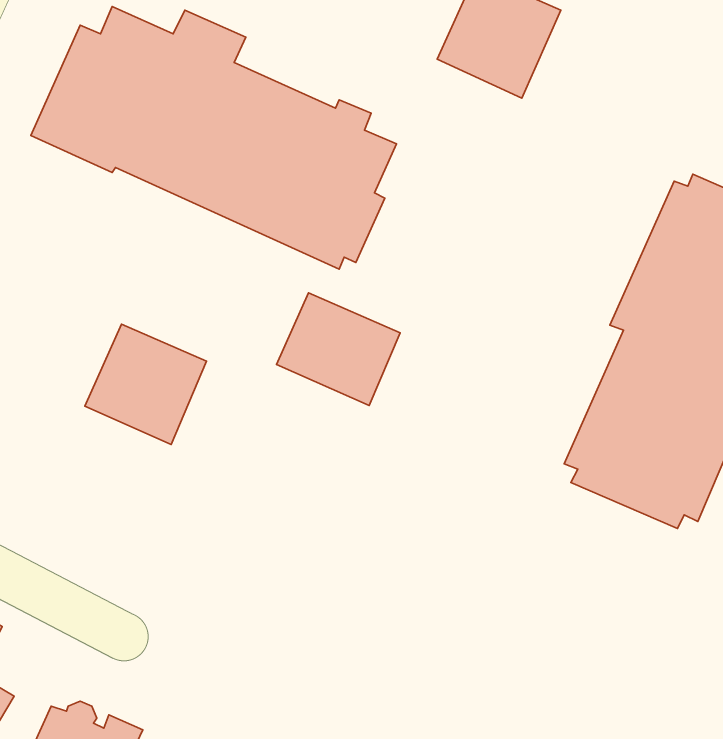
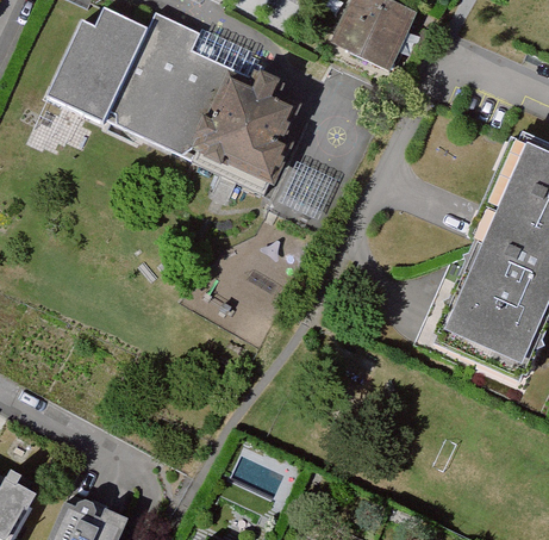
building: [277,293,400,406] -> none
building: [85,324,206,444] -> none

